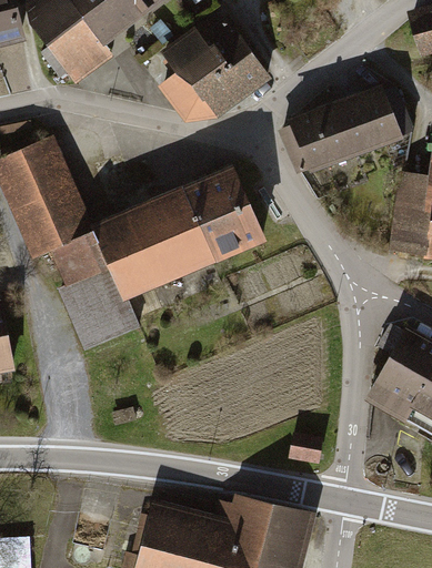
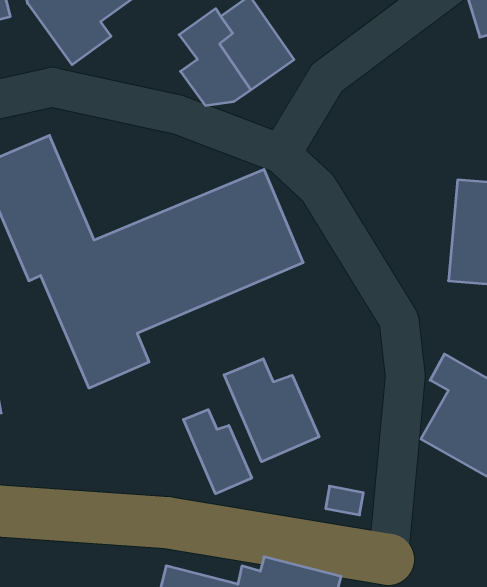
building: [284,85,412,179] -> none
building: none -> [224,359,319,462]
building: none -> [183,410,252,494]

